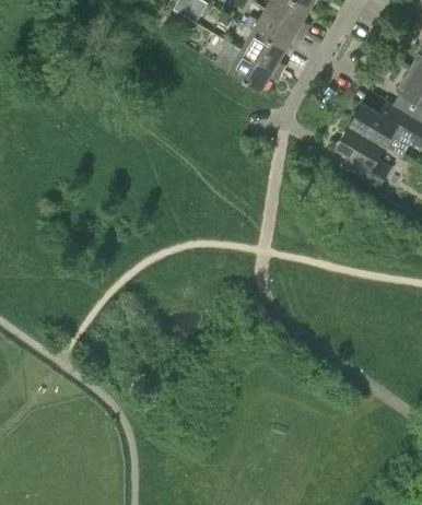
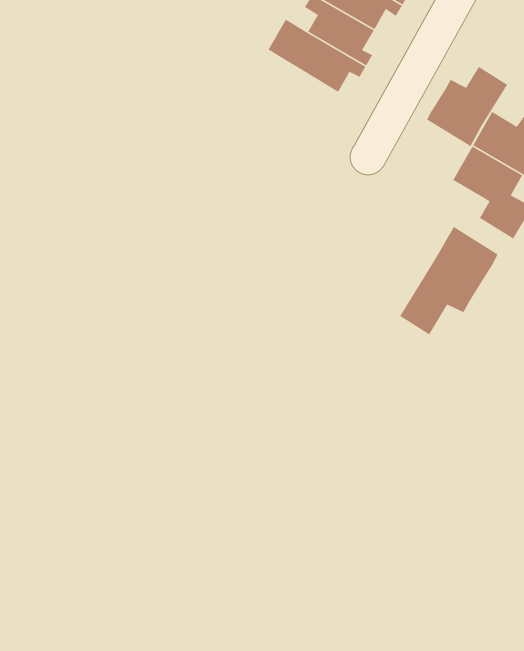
building: none -> [426,66,508,147]
building: none -> [399,226,498,335]

